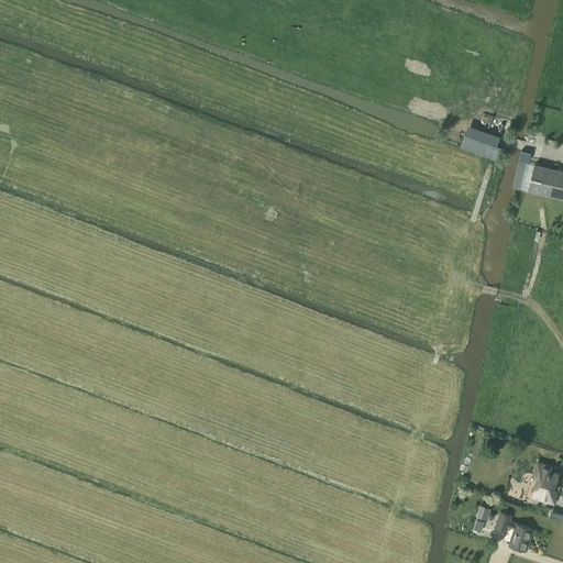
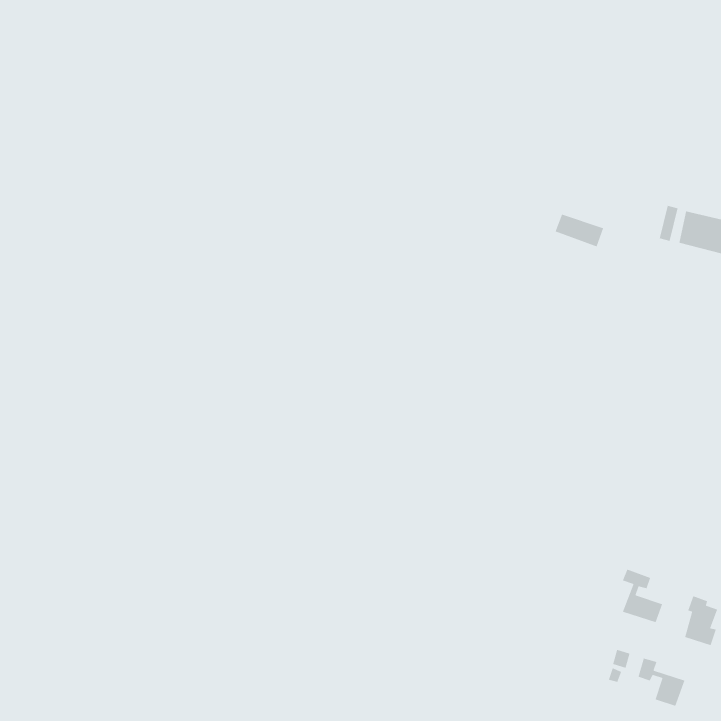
building: [461,133,499,159] -> [555,214,604,247]
building: none -> [622,568,663,623]

